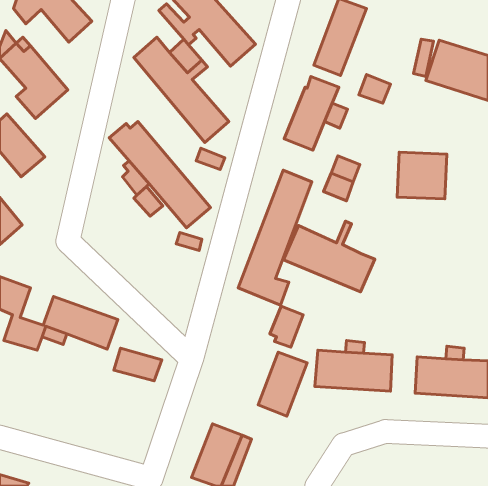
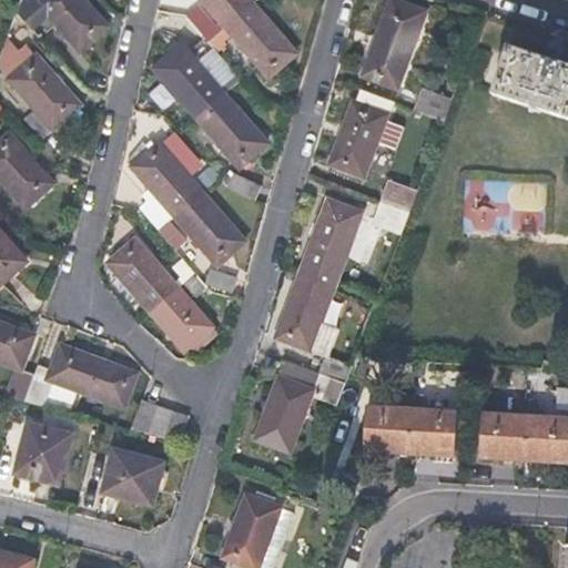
building: none -> [108,237,210,348]
building: [283,221,375,292] -> none
building: [258,352,307,416] -> [256,375,313,449]
building: none -> [17,423,72,484]
building: none -> [102,448,164,505]

